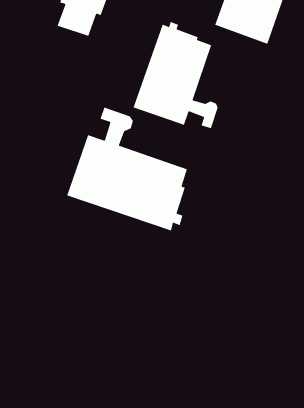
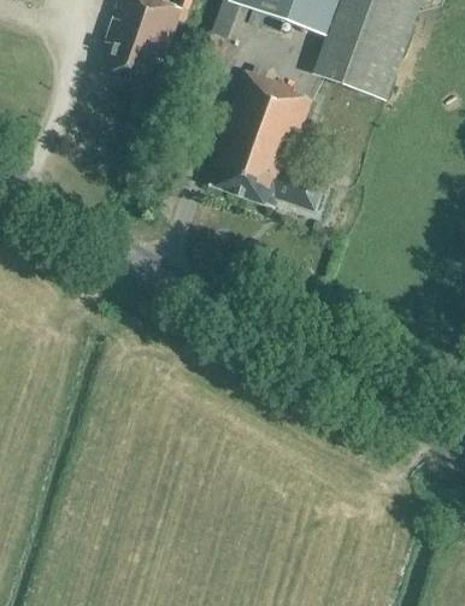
building: [66,106,188,231] -> none

